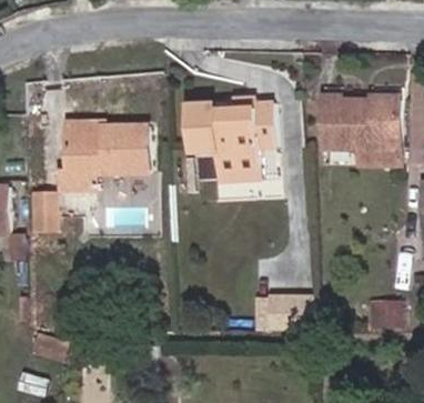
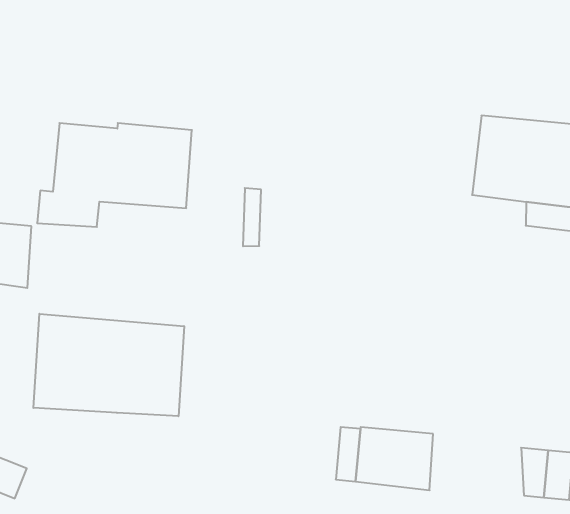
building: [190,97,276,181] -> none
building: none -> [33,314,184,416]

